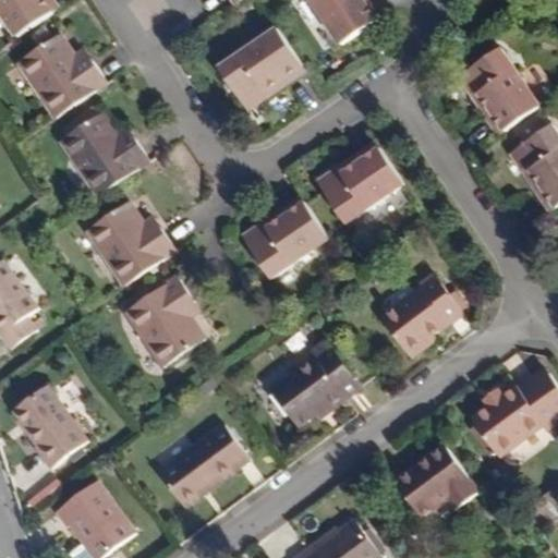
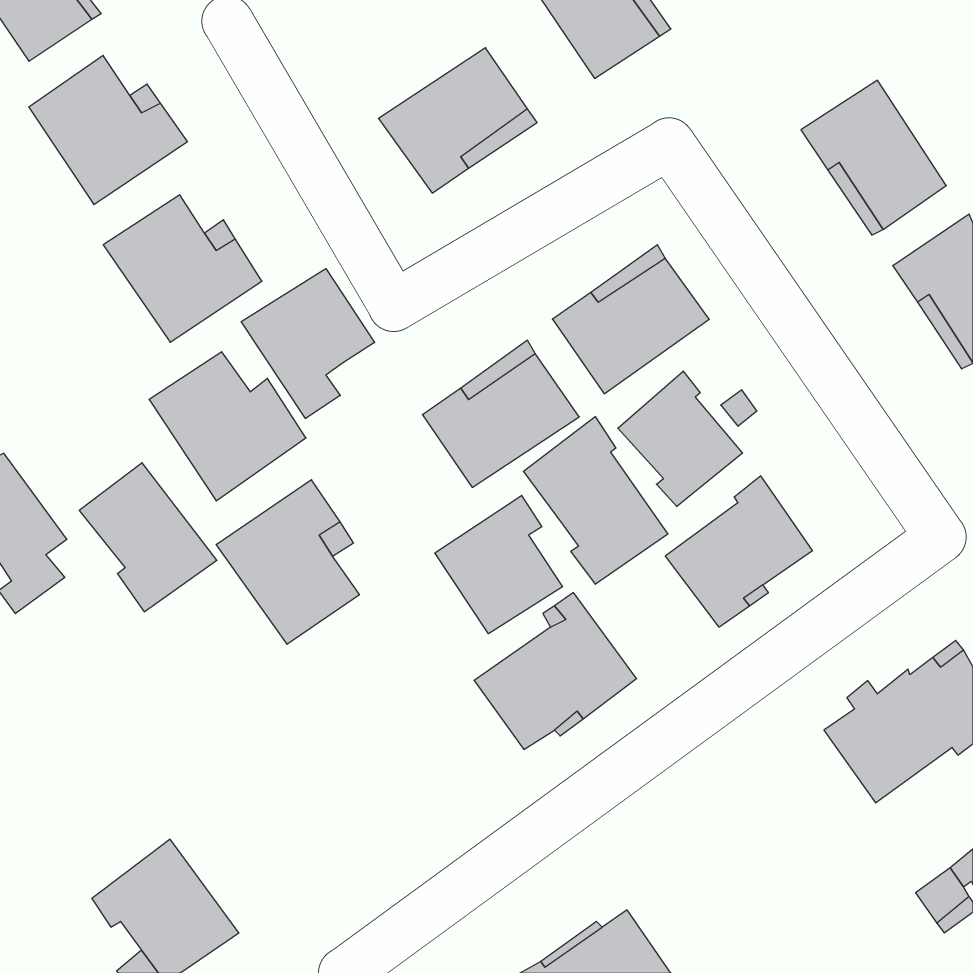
building: none -> [241,269,375,419]
building: none -> [618,371,743,507]
building: none -> [523,417,668,584]
building: none -> [435,495,562,634]
building: [11,384,89,469] -> [79,463,217,612]
building: [157,422,251,508] -> none
building: [392,441,481,520] -> none

